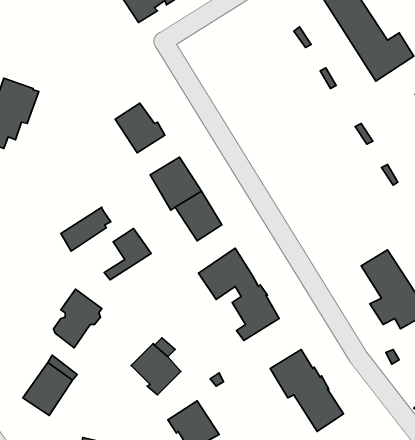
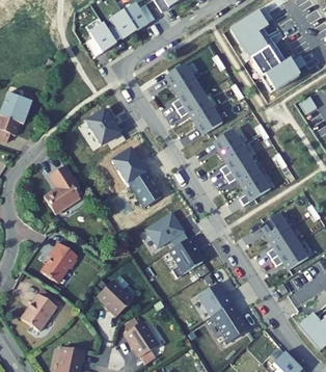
building: none -> [165,62,222,133]
building: none -> [214,128,270,198]
building: [104,229,151,280] -> [44,164,77,201]

